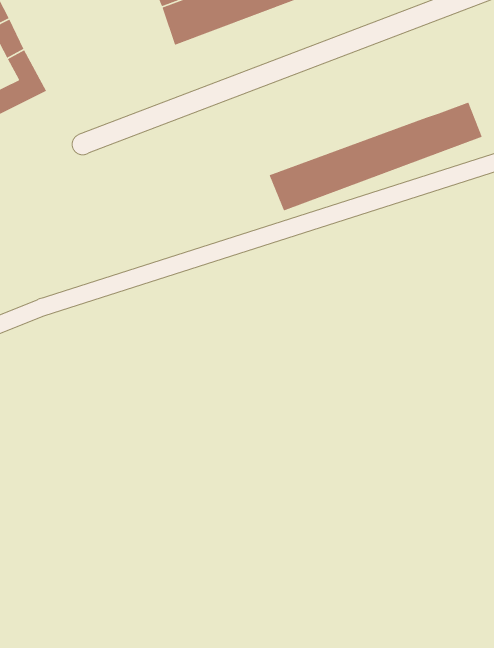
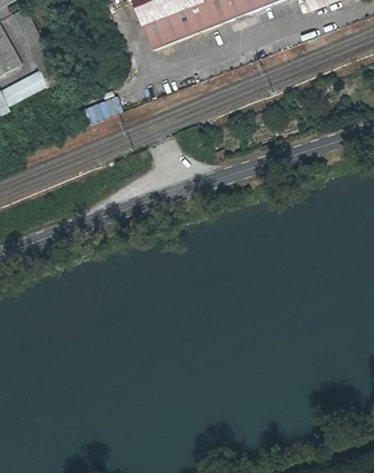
building: [269,102,483,211] -> none

